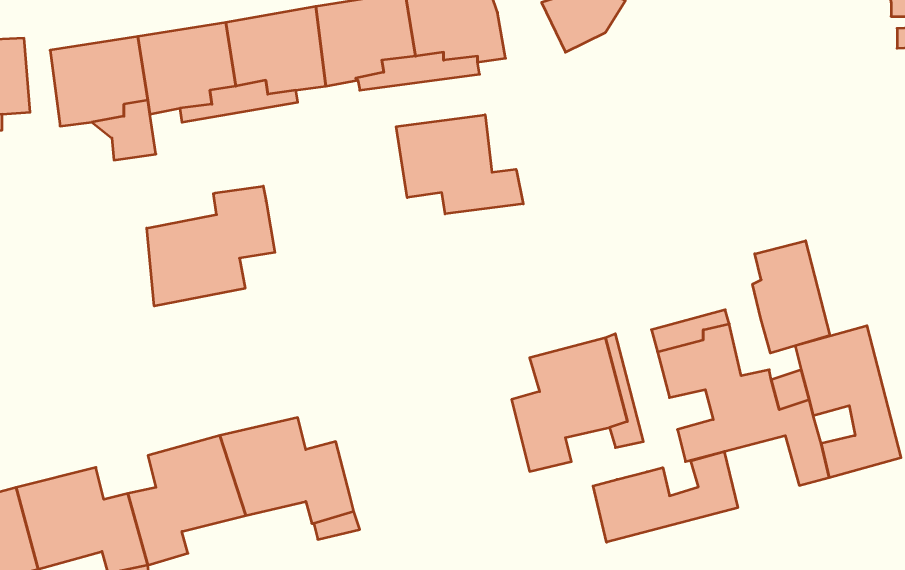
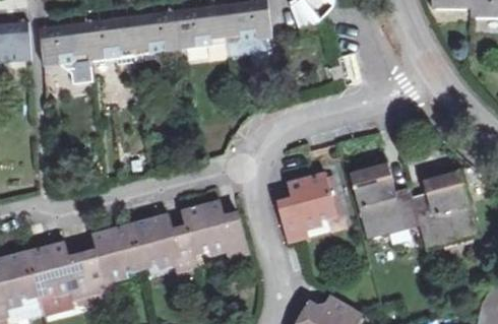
building: [396,115,523,214] -> none
building: [147,186,275,306] -> none
building: [753,241,830,353] -> none
building: none -> [182,202,248,257]
building: [593,451,738,542] -> none

